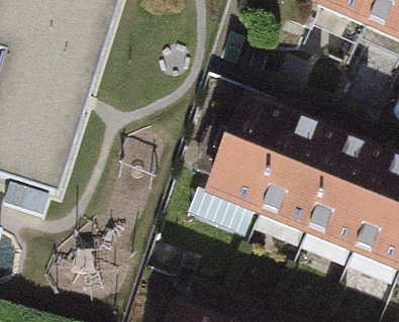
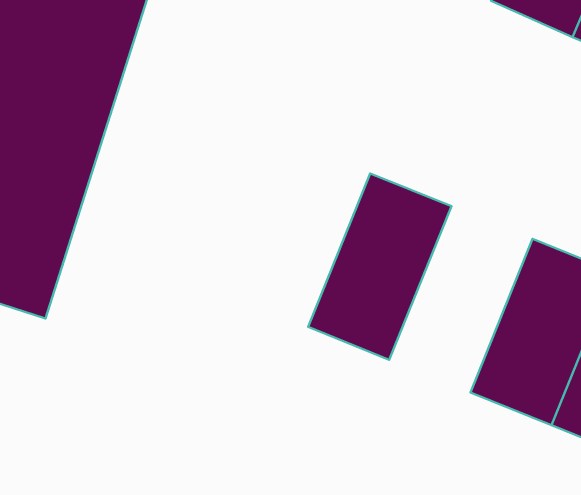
building: [258,123,341,232] -> none

